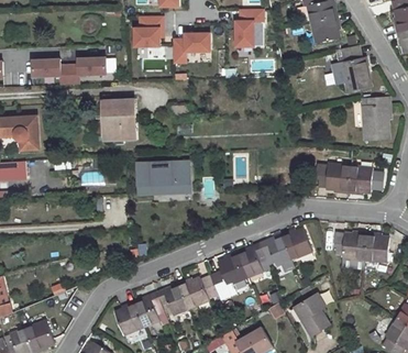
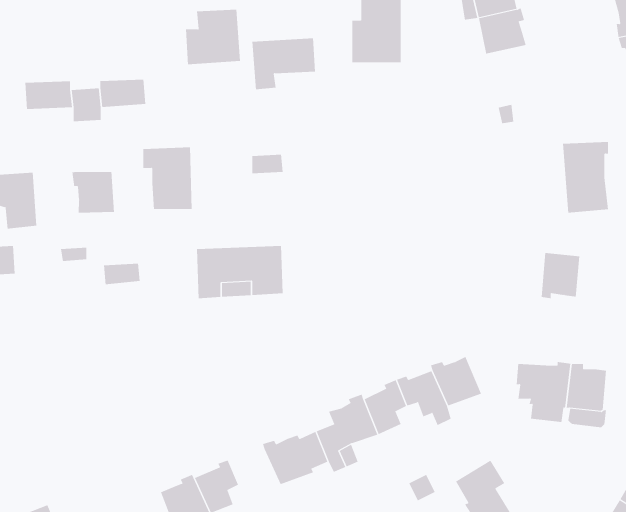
building: [341,45,372,91] -> none
building: none -> [72,171,115,214]
building: [317,163,351,192] -> none
building: [156,286,188,315] -> none

